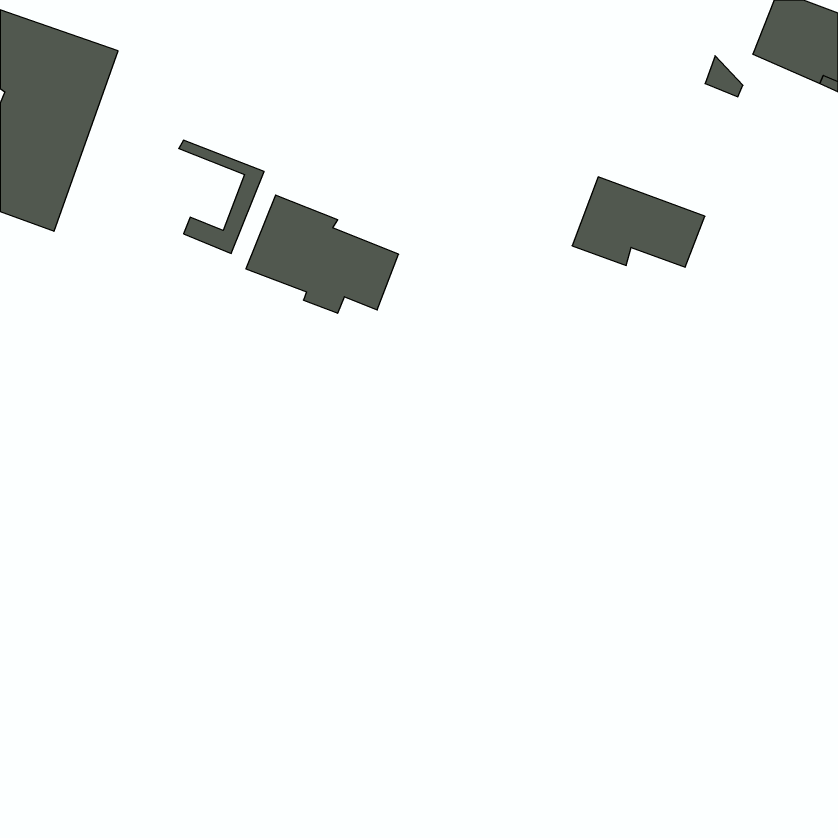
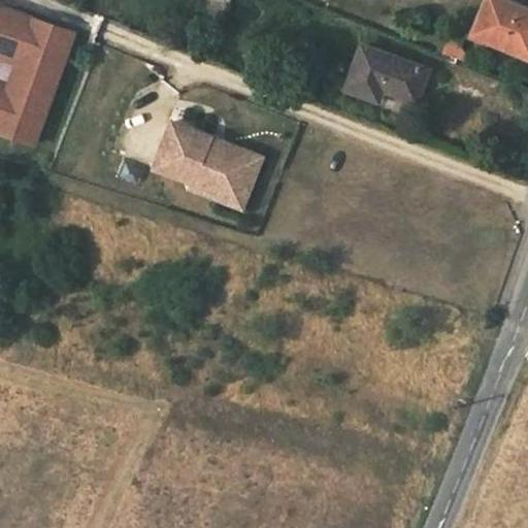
building: [179,140,264,253] -> [209,138,263,209]
building: [572,177,705,267] -> [345,45,429,102]

